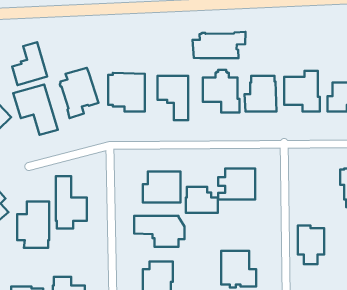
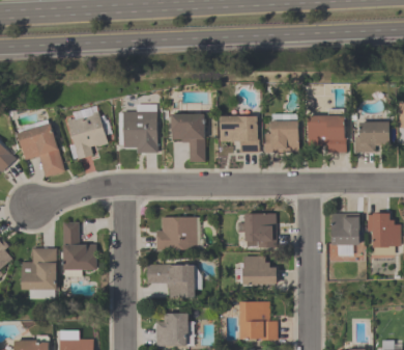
building: [192,32,245,58] -> none
building: [12,42,47,85] -> none
building: [186,187,218,213] -> [242,255,277,284]
building: [298,225,324,264] -> [331,213,359,254]

